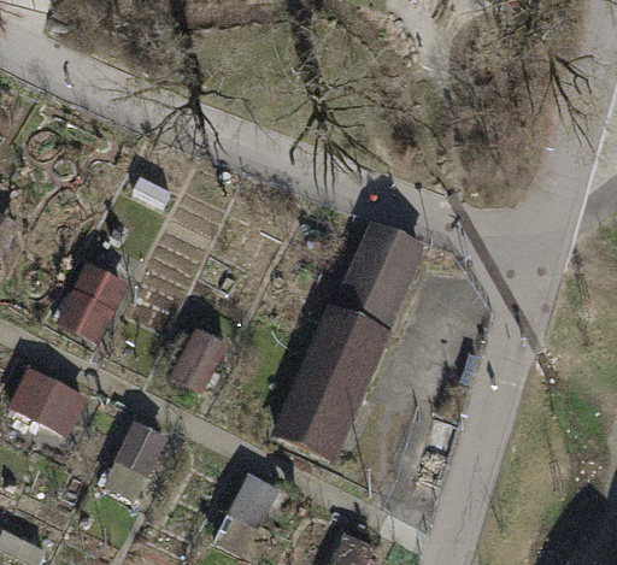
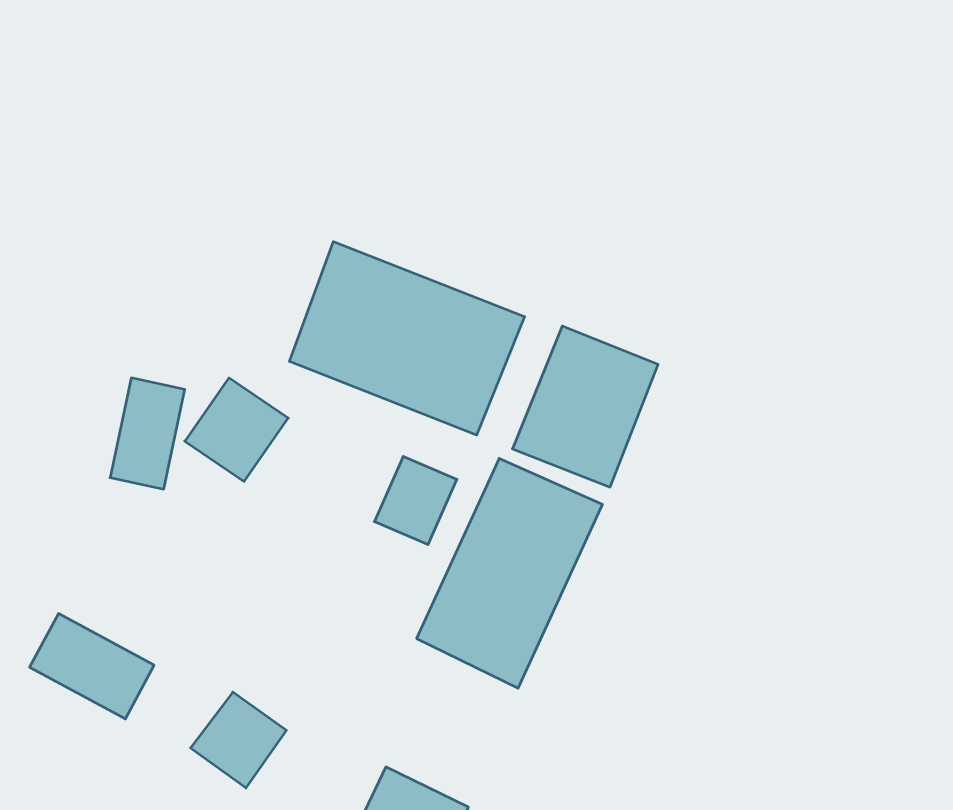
building: none -> [290,242,525,435]

